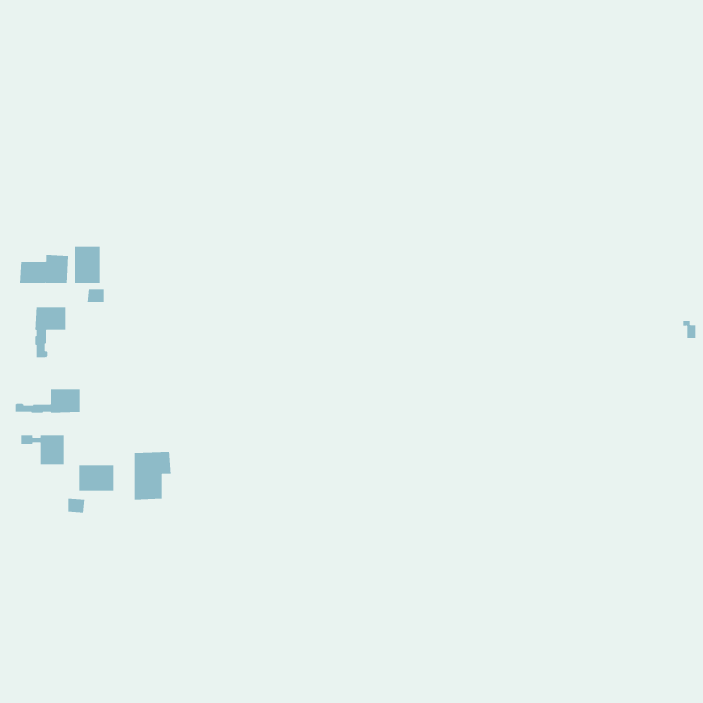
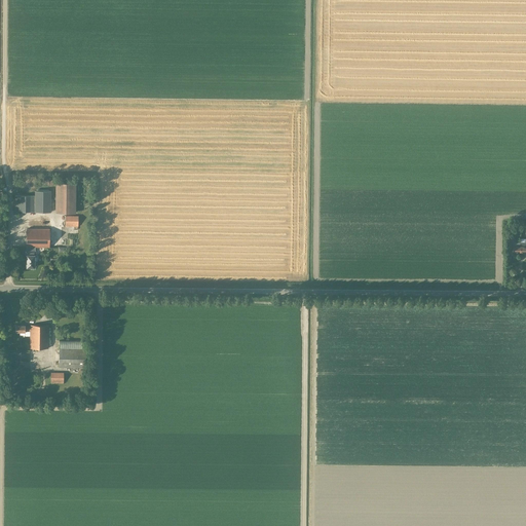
building: [15,389,80,414] -> none
building: [134,451,171,501] -> none

